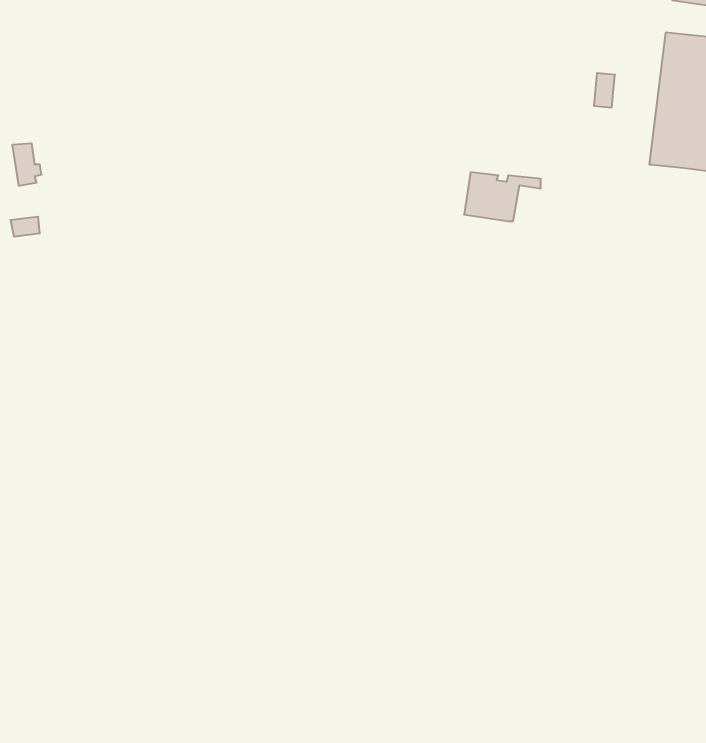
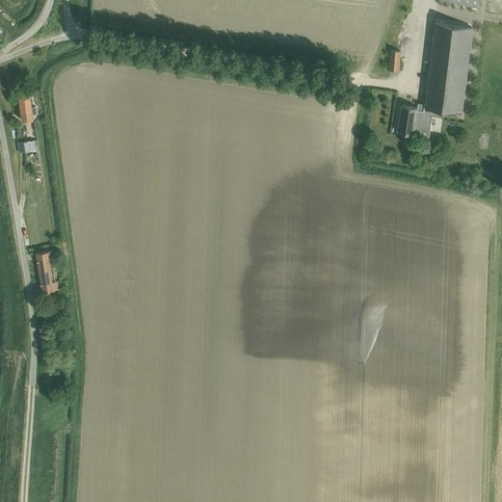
building: [464,172,541,221] -> [397,105,446,136]
building: none -> [36,249,58,291]

